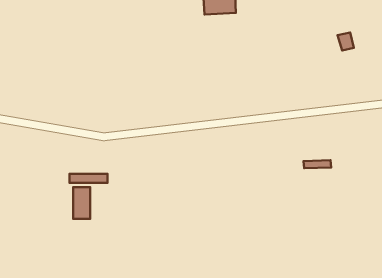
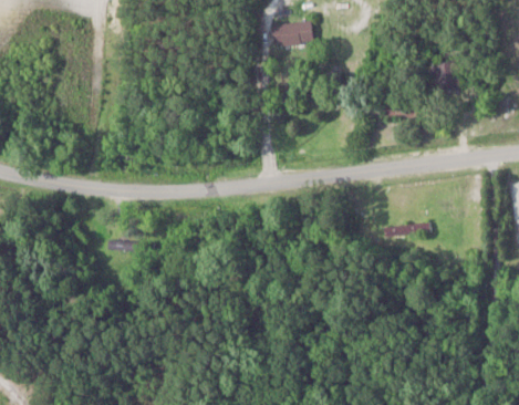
building: [73,187,90,219] -> none

